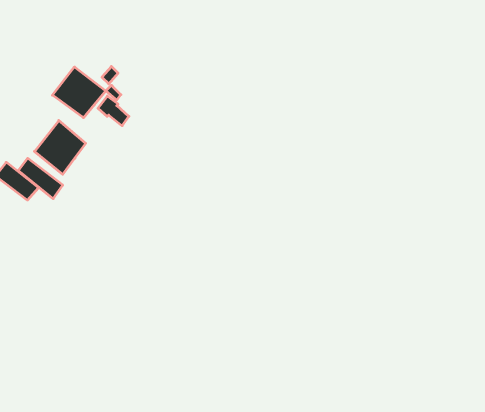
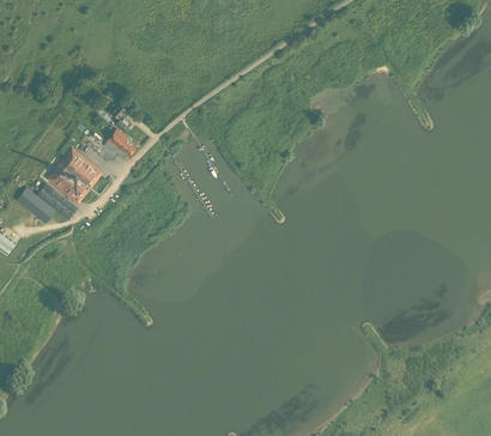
building: [52,67,106,118] -> none

